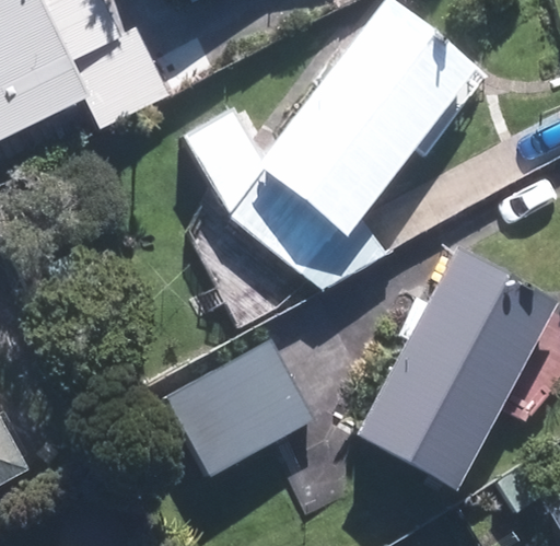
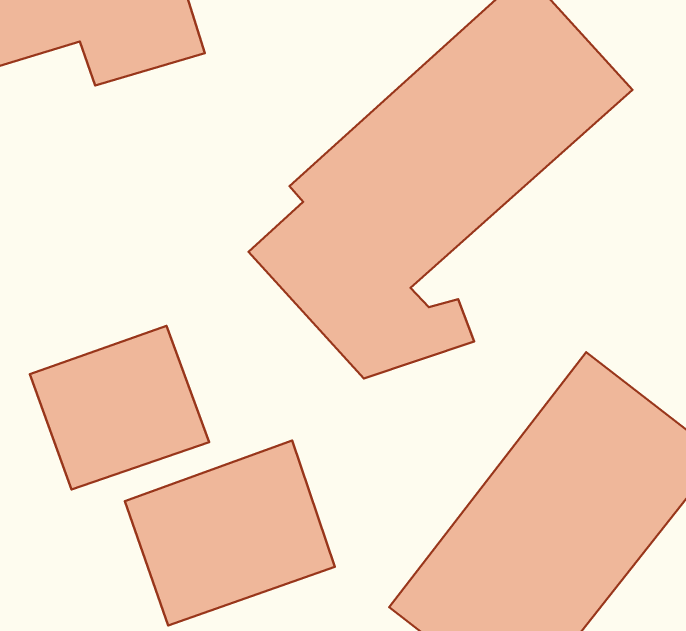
building: none -> [30,326,209,489]

